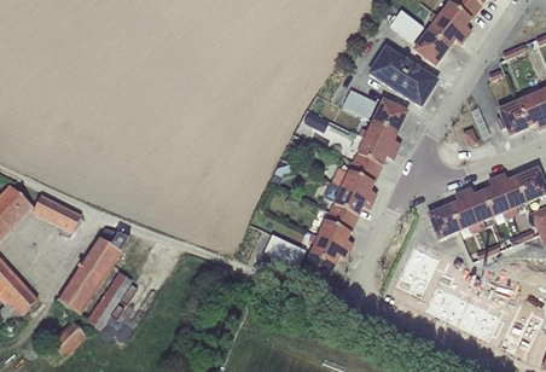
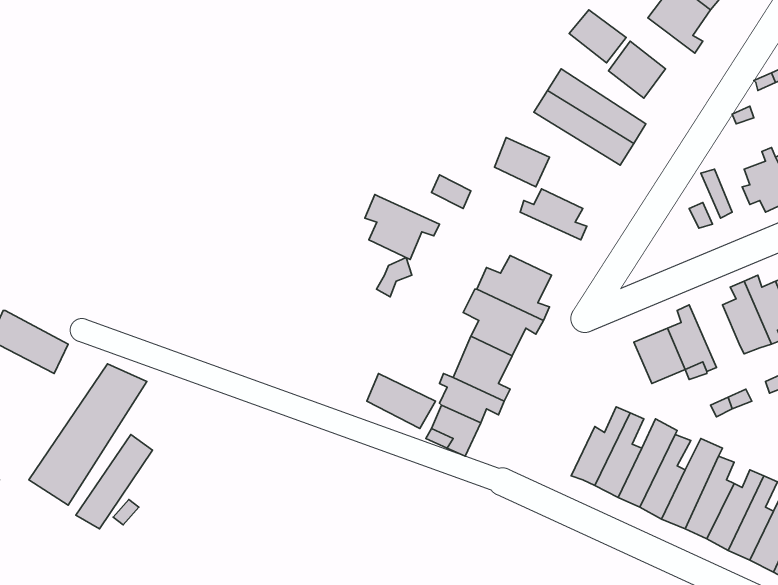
building: [426,11,466,46] -> none
building: [372,99,407,132] -> none
building: [350,133,396,173] -> [365,195,440,260]
building: [463,187,494,229] -> none
building: [50,320,87,358] -> none

